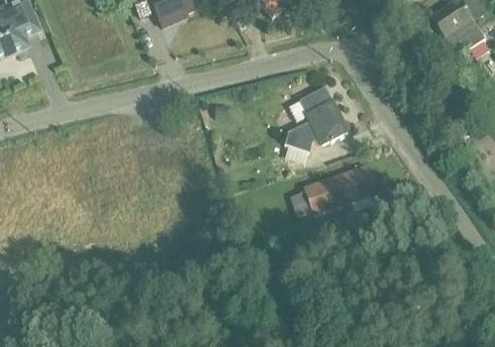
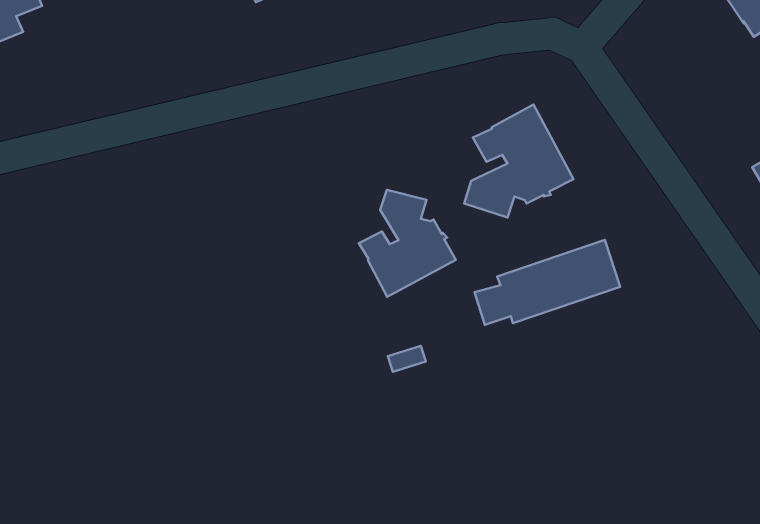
building: none -> [359,190,456,297]

